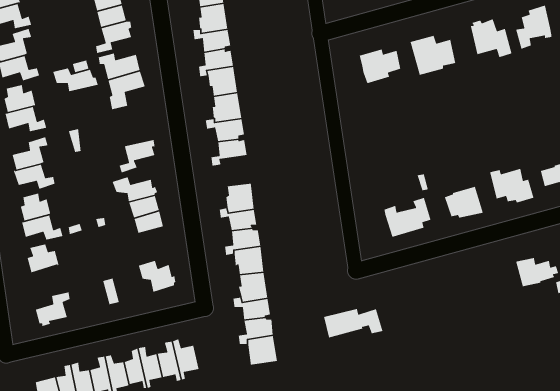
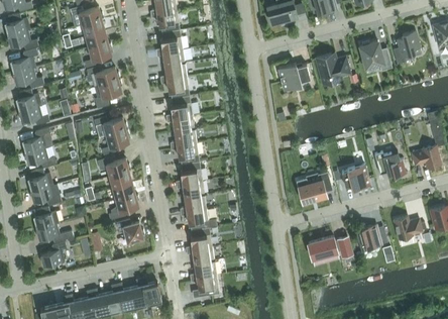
building: [52,67,99,92] -> [94,117,128,135]
building: none -> [177,142,200,165]
building: none -> [109,195,139,220]
building: none -> [36,223,74,243]
building: none -> [356,225,387,250]
building: [323,307,383,338] -> [308,236,352,259]

